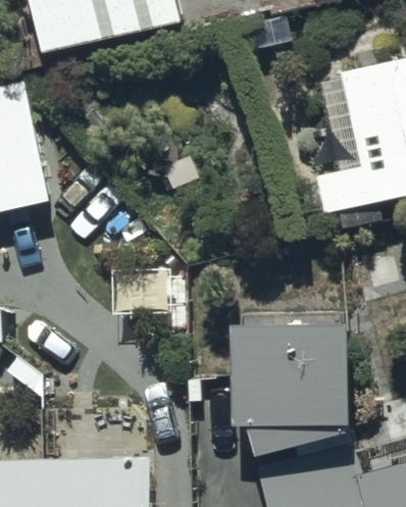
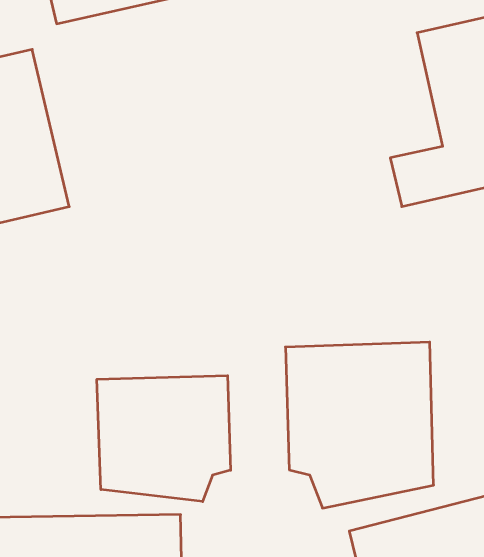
building: none -> [97,376,231,502]

